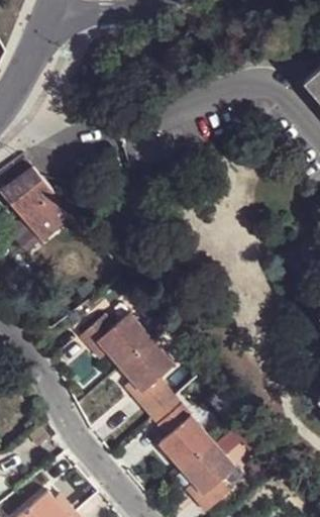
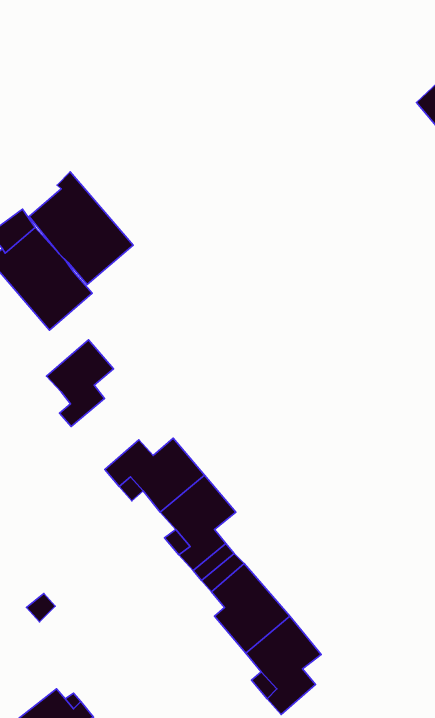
building: none -> [29,172,133,285]
building: none -> [47,340,113,426]

